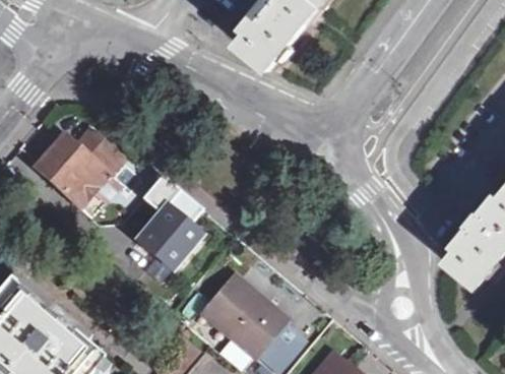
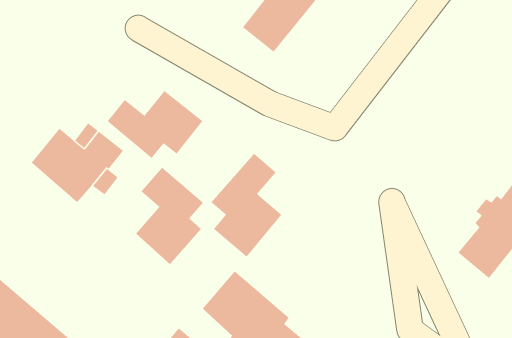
building: none -> [107,90,203,159]
building: none -> [211,153,282,258]

